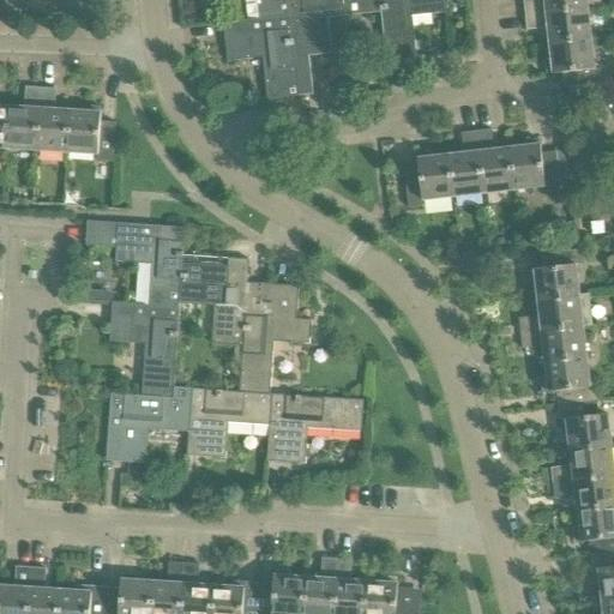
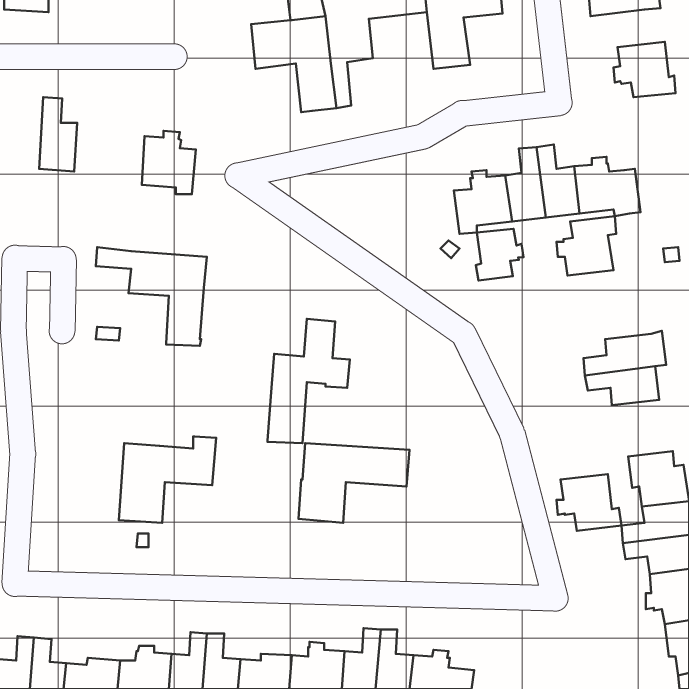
building: [524,7,590,42] -> none
building: [5,86,38,150] -> none
building: [66,104,114,161] -> [142,131,196,194]
building: none -> [476,229,524,281]
building: [528,248,580,301] -> [557,216,616,276]
building: [177,255,272,344] -> none
building: [109,302,177,398] -> none
building: [540,355,597,405] -> [557,474,621,531]
building: [186,389,271,459] -> none

